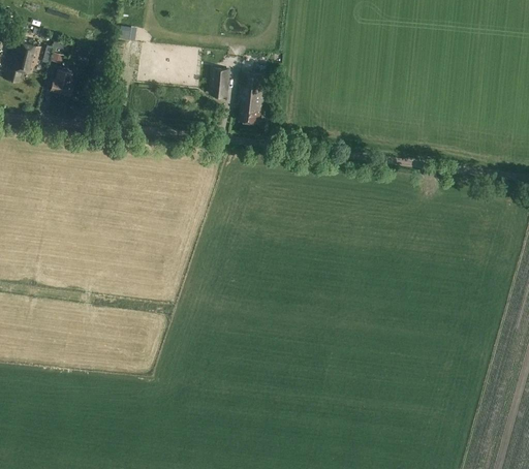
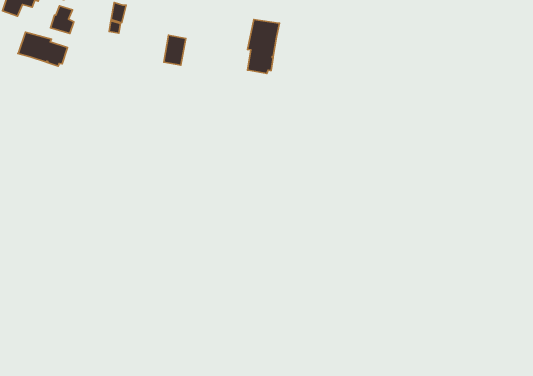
building: [211,68,230,96] -> [164,35,186,65]
building: none -> [18,32,67,66]

